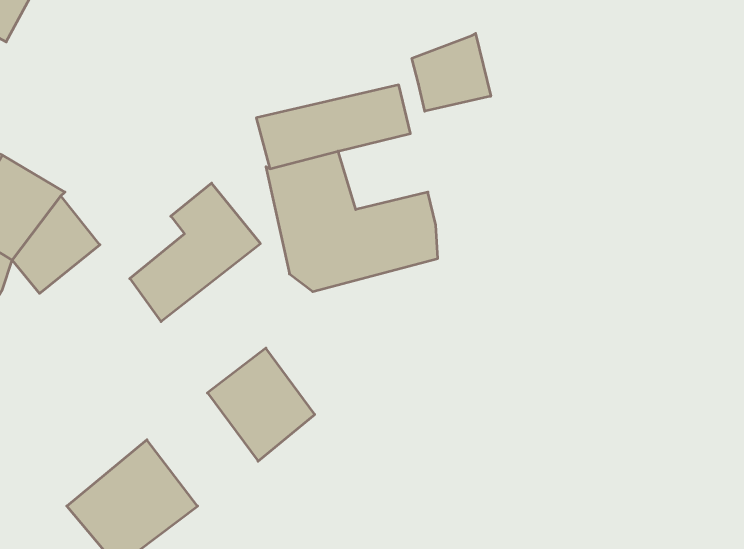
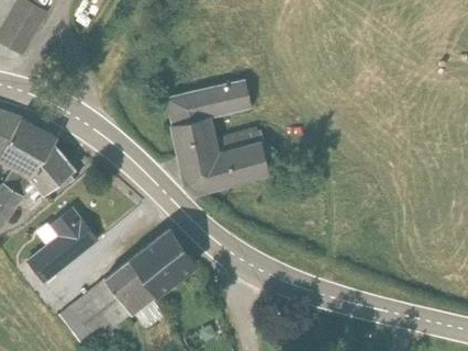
building: [412,33,491,111] -> none
building: [130,183,260,322] -> [26,204,100,282]
building: none -> [103,250,166,314]

